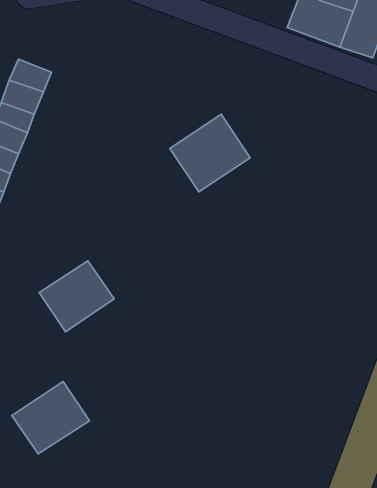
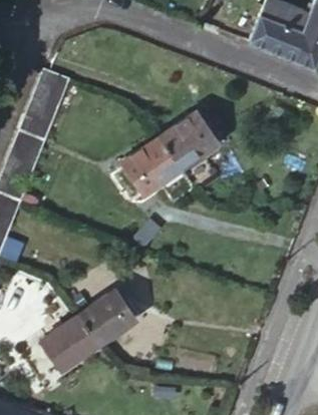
building: none -> [122,137,181,195]
building: [39,261,114,332] -> [77,291,134,345]

